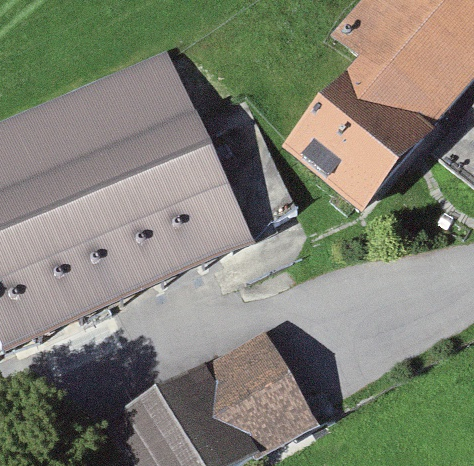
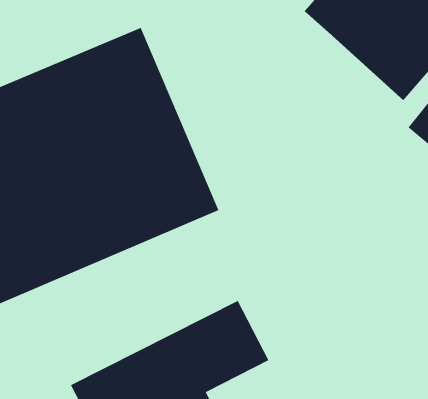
building: [281,62,439,222] -> none

